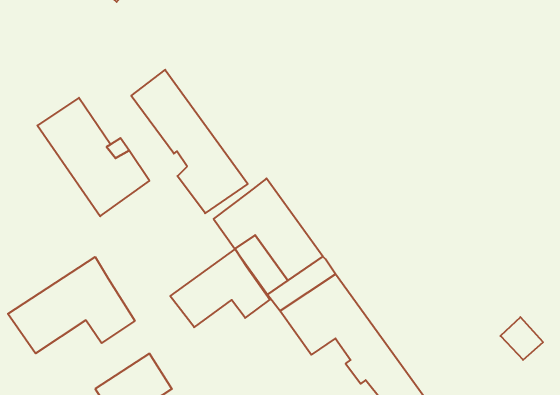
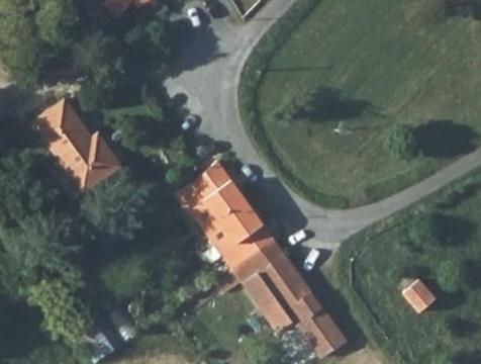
building: [131,70,248,213] -> none
building: [170,249,270,327] -> none
building: [8,257,135,353] -> none

